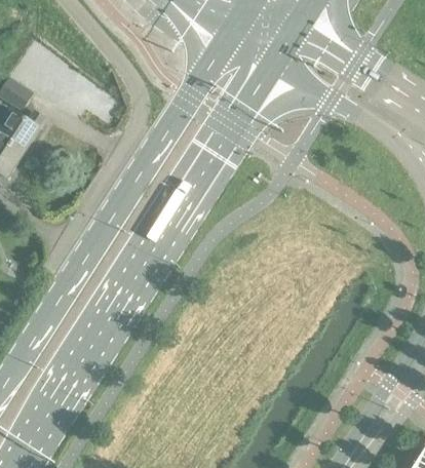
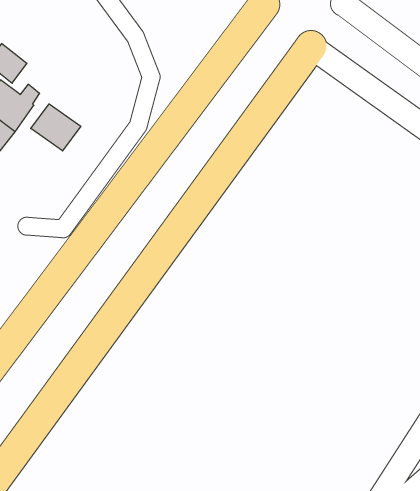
building: none -> [31,104,81,151]

